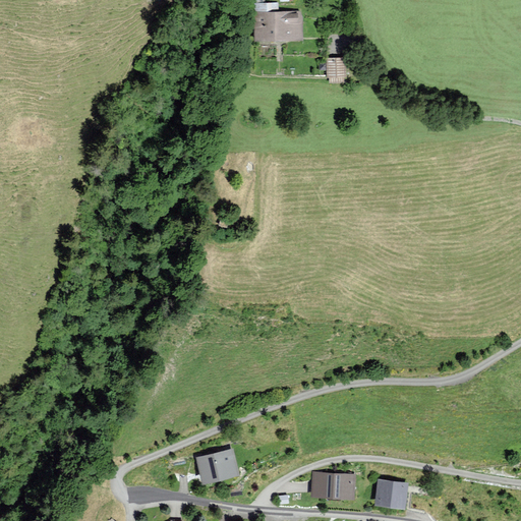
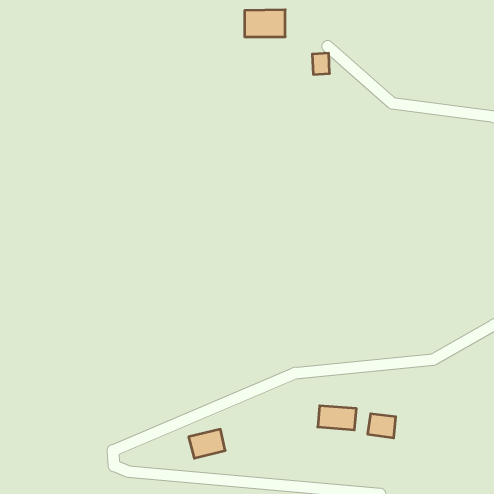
building: [312,473,353,499] -> [318,406,356,430]
building: [377,482,406,508] -> [368,414,396,438]

